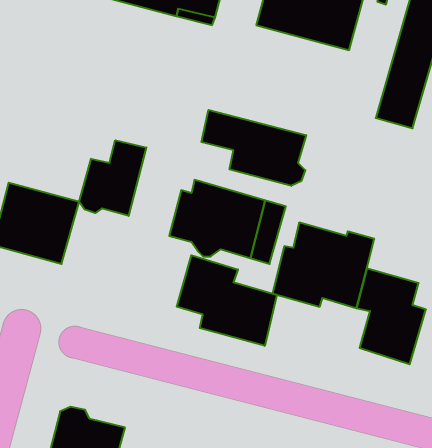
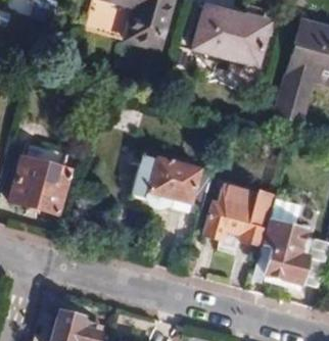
building: [201,110,306,186] -> none
building: [79,140,146,216] -> none
building: [177,255,277,346] -> none

